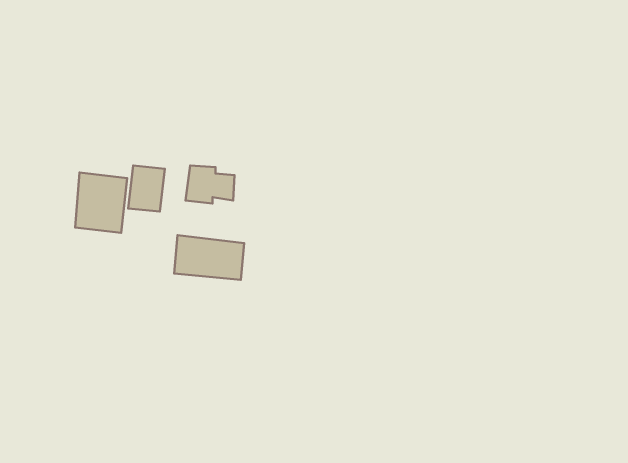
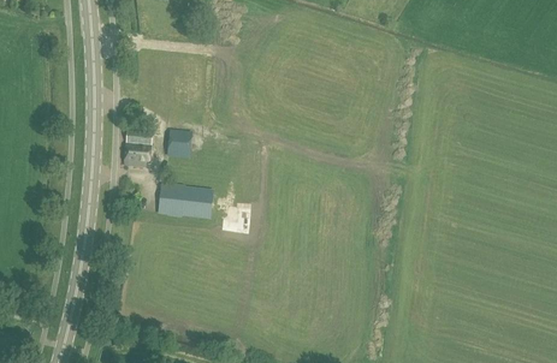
building: [75,172,127,233] -> none

